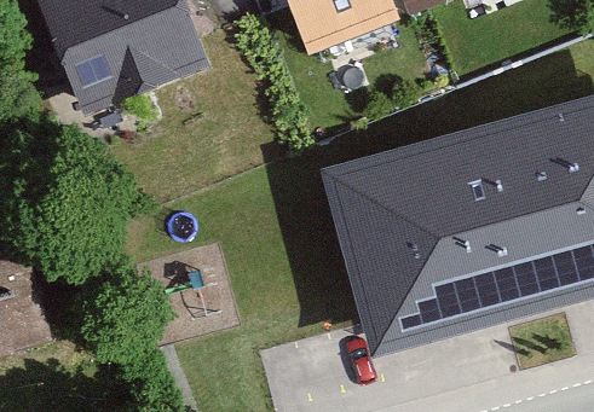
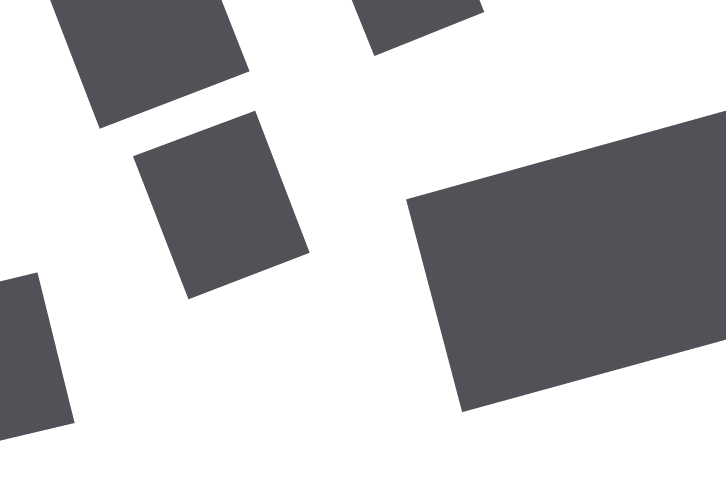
building: none -> [132,110,311,300]

